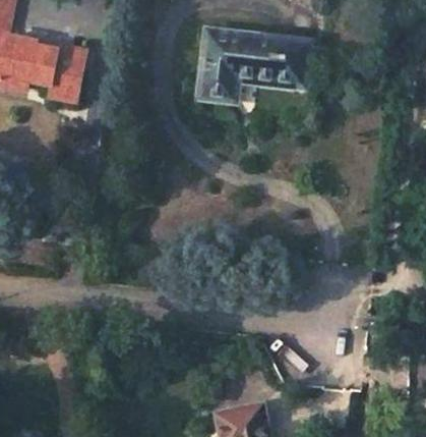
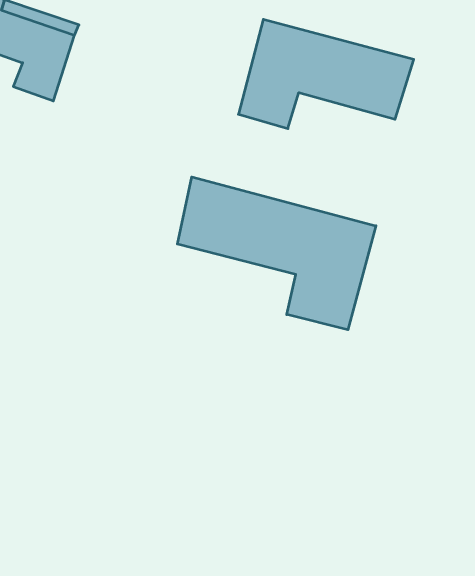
building: none -> [177,177,376,330]

